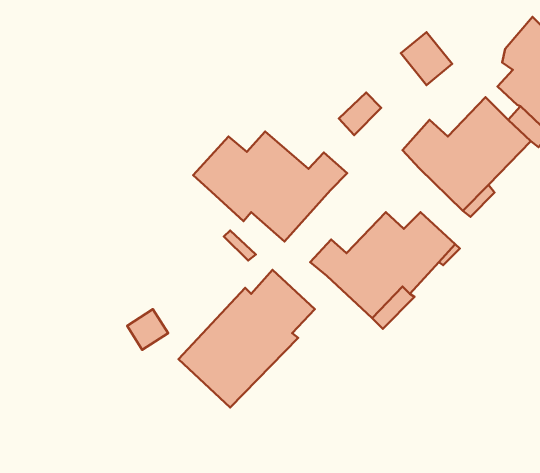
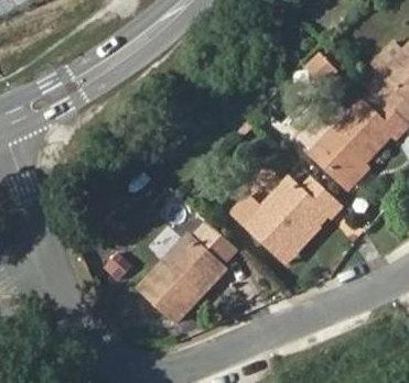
building: [193,132,347,241] -> none

